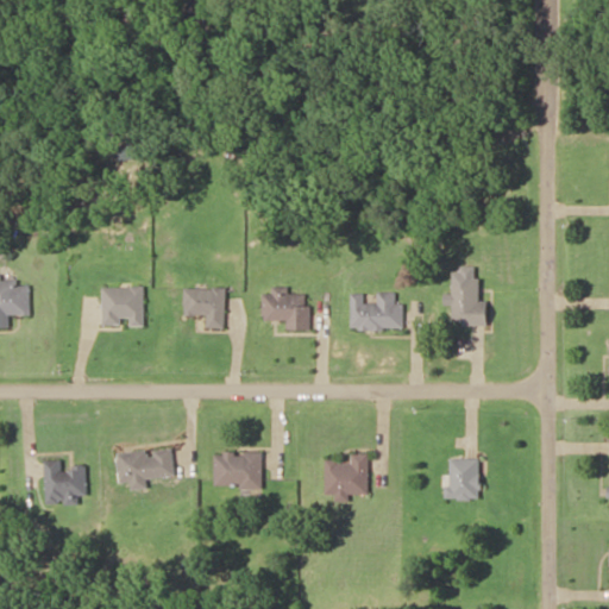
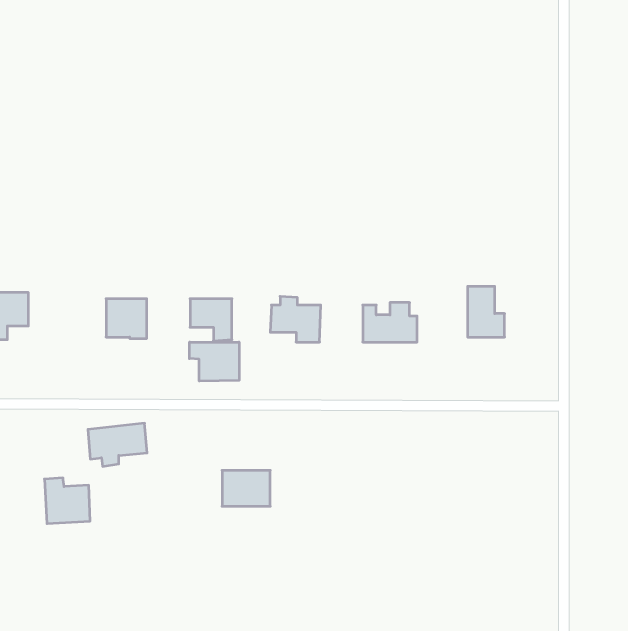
building: none -> [189,342,239,381]
building: [117,448,174,490] -> [88,423,147,466]
building: [324,453,366,501] -> none
building: [445,459,477,500] -> none

